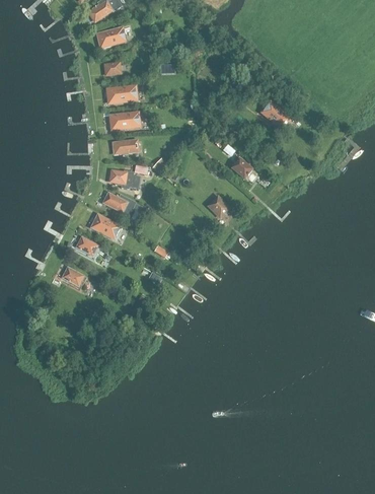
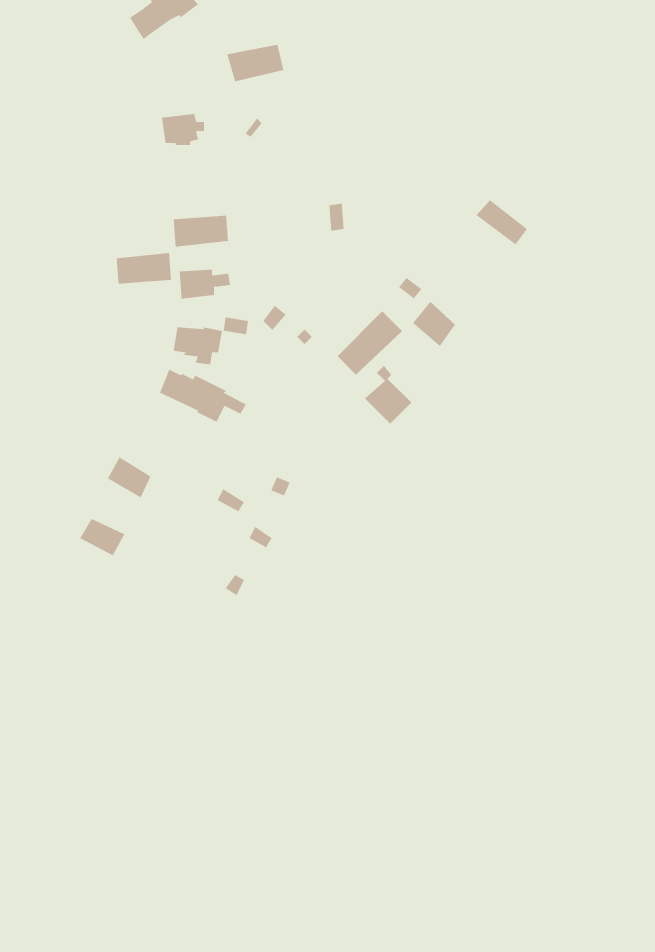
building: [95,27,125,47] -> [227,44,284,82]
building: [107,87,136,103] -> [116,252,172,284]
building: none -> [337,311,403,375]
building: [88,212,118,236] -> none

